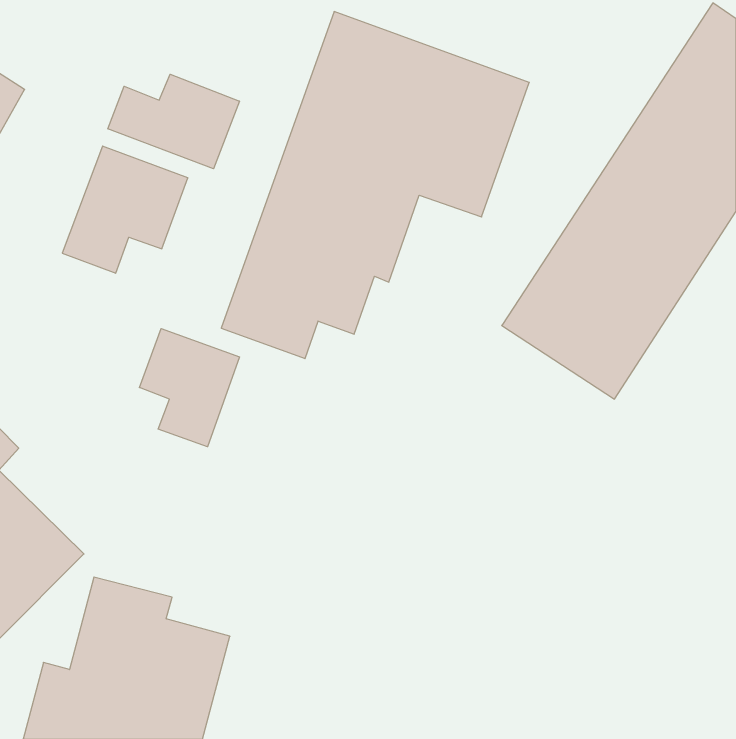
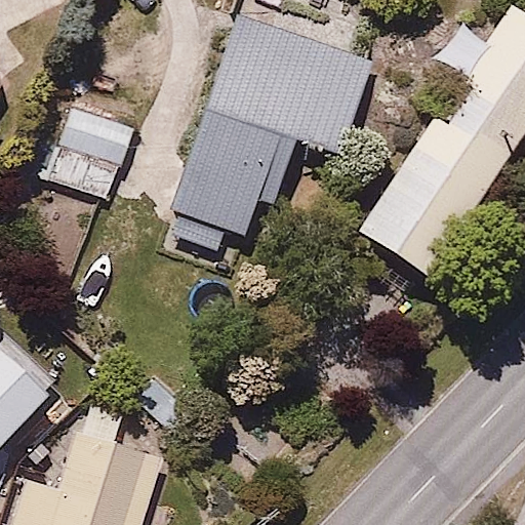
building: [108,74,239,169] -> none
building: [139,329,240,447] -> none

